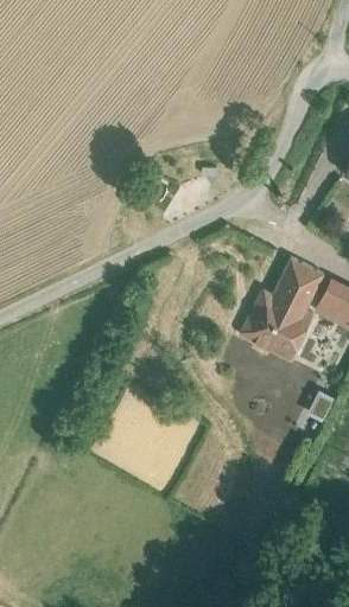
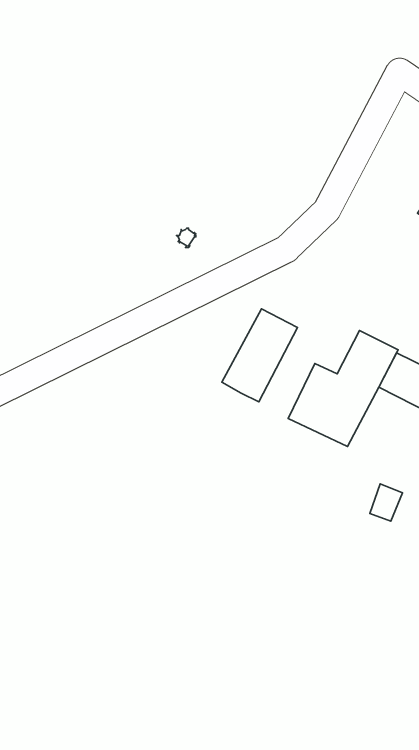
building: none -> [222,309,297,402]

